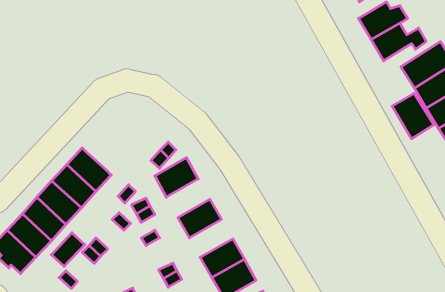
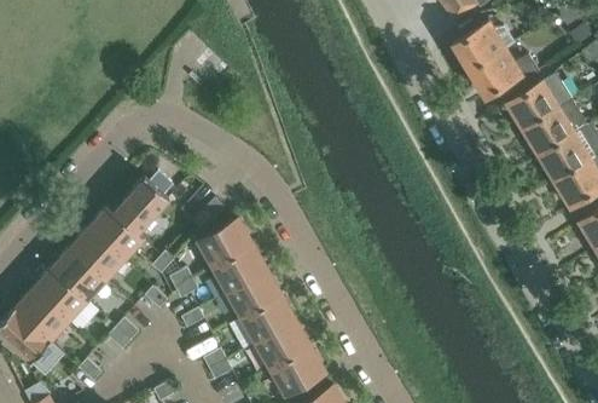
building: [392,93,434,139] -> none
building: none -> [114,177,169,234]
building: none -> [213,244,267,293]
building: none -> [242,295,296,342]
building: [51,233,85,266] -> none

